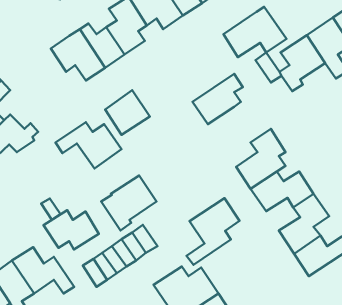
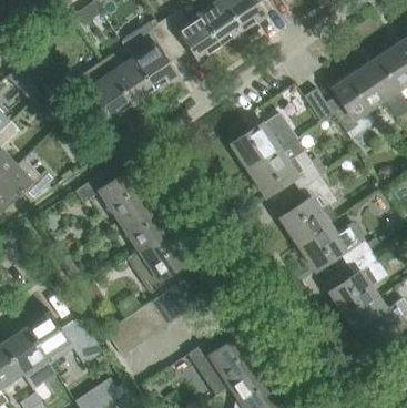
building: [223,7,286,57] -> [248,139,320,196]
building: [105,90,150,135] -> [119,198,170,249]
building: [187,198,240,265] -> none
building: [44,210,99,249] -> none

